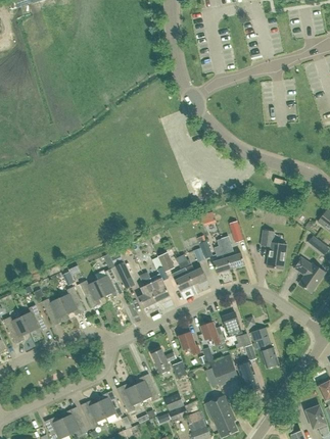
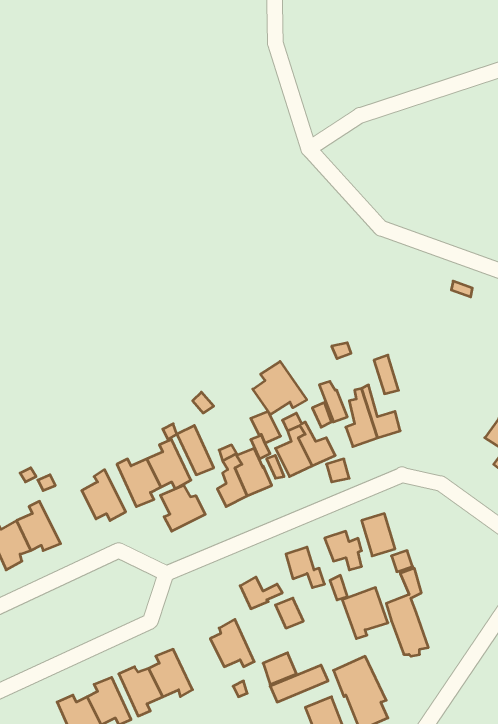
building: none -> [253,361,307,415]
building: [261,230,287,269] -> none
building: none -> [160,485,205,531]
building: [42,298,67,326] -> none
building: [250,327,279,368] -> none
building: [116,383,142,411] -> none

